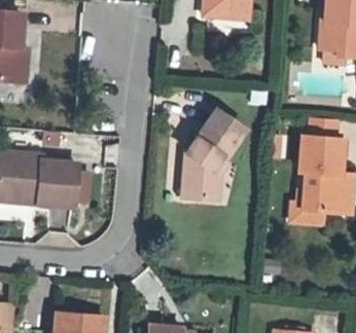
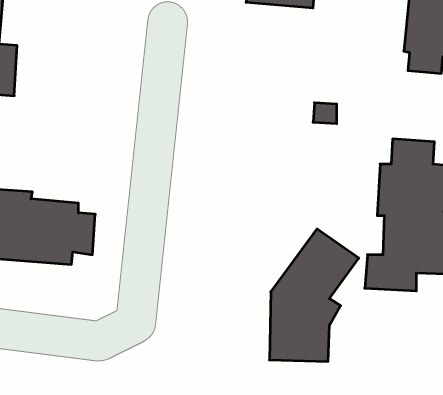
building: [181,107,247,205] -> [269,229,359,361]

